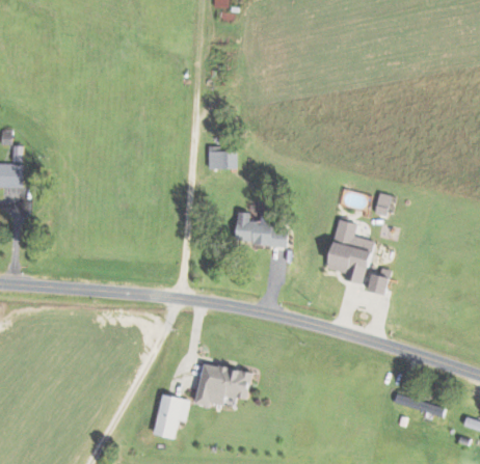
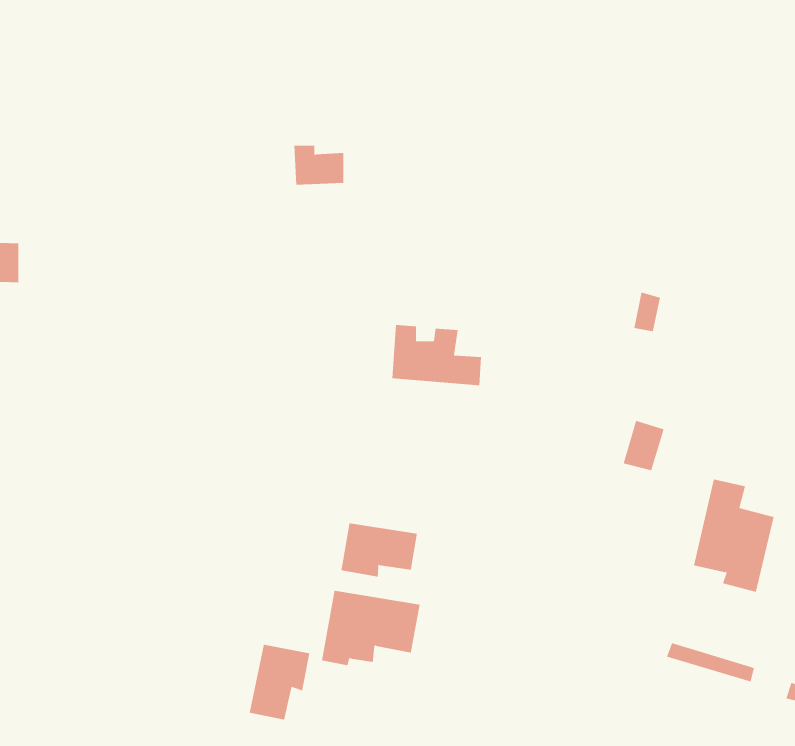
building: [207,145,236,168] -> [294,145,344,185]
building: [326,219,373,284] -> [693,479,775,593]
building: none -> [341,522,417,578]

